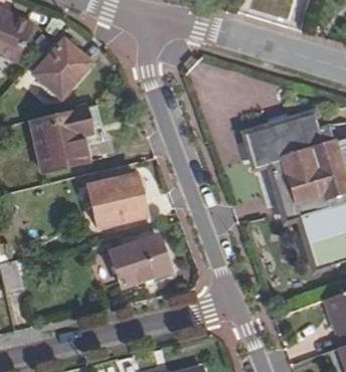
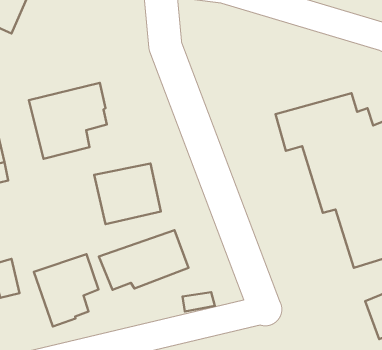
building: [35,43,91,100] -> none
building: none -> [34,254,98,327]

